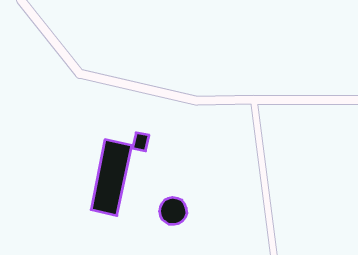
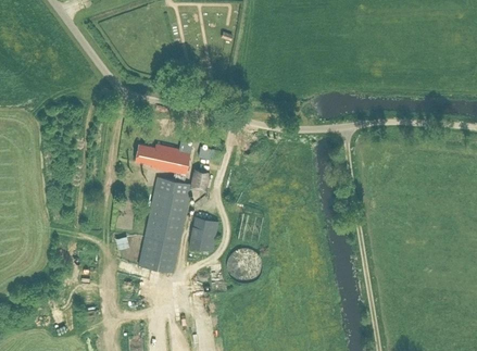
building: none -> [134,142,191,181]
building: none -> [188,216,217,251]

